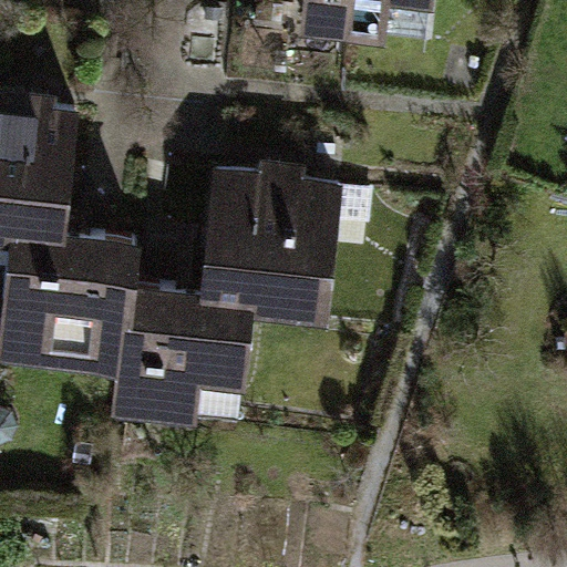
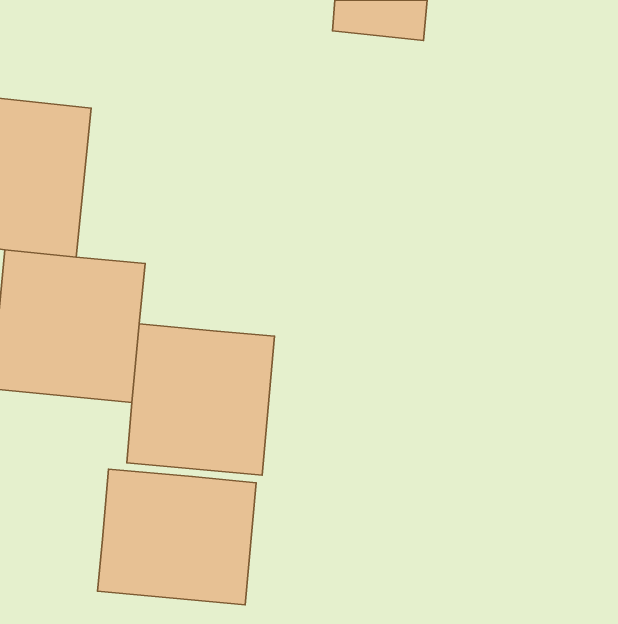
building: [195,159,343,317] -> none
building: none -> [98,469,256,605]

